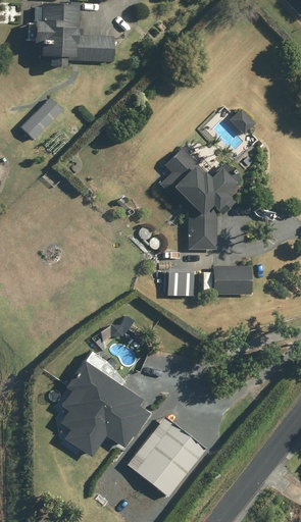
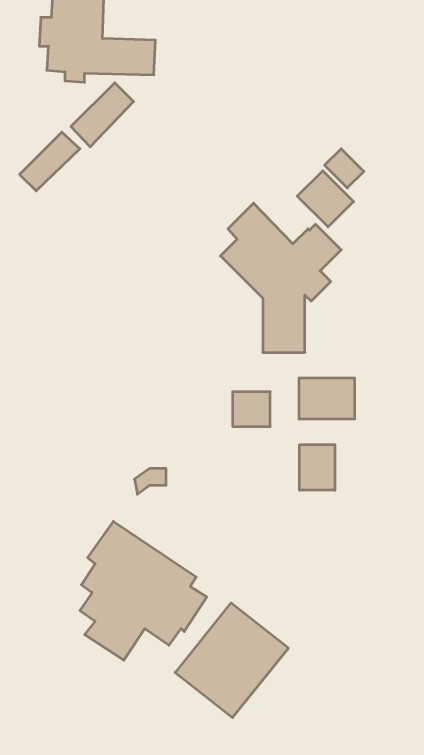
building: none -> [71,83,134,147]
building: none -> [297,171,354,227]
building: none -> [300,445,335,490]

